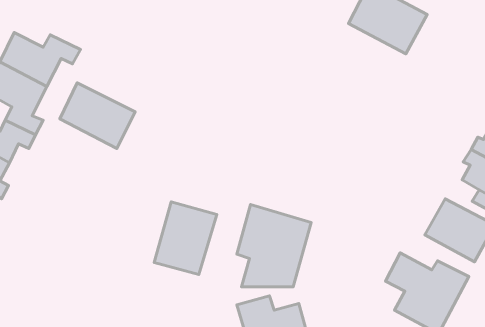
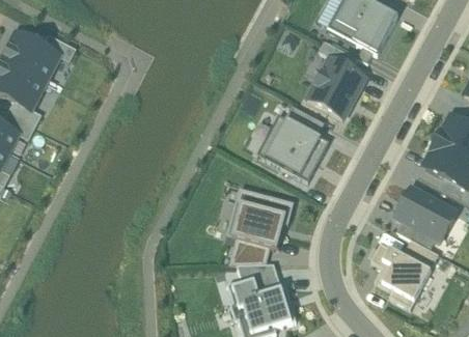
building: none -> [302,43,363,121]
building: [60,83,135,148] -> none
building: none -> [258,105,330,180]
building: [154,202,217,274] -> none

